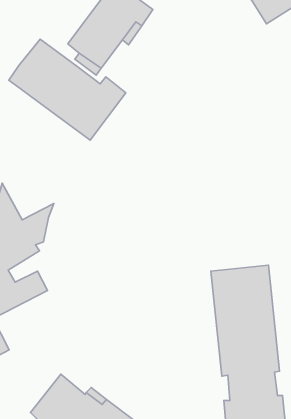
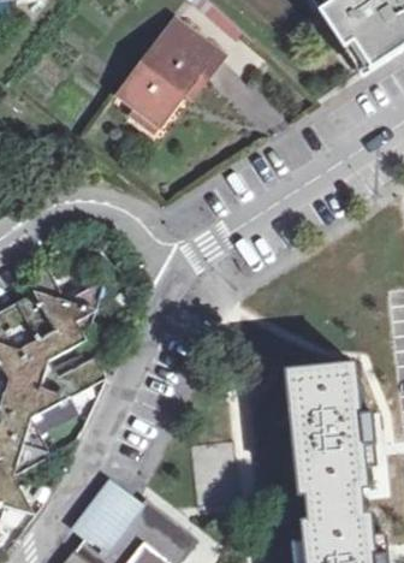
building: [9,39,126,140] -> none

